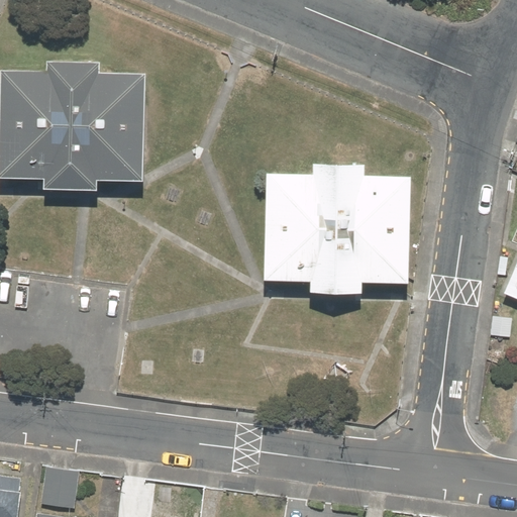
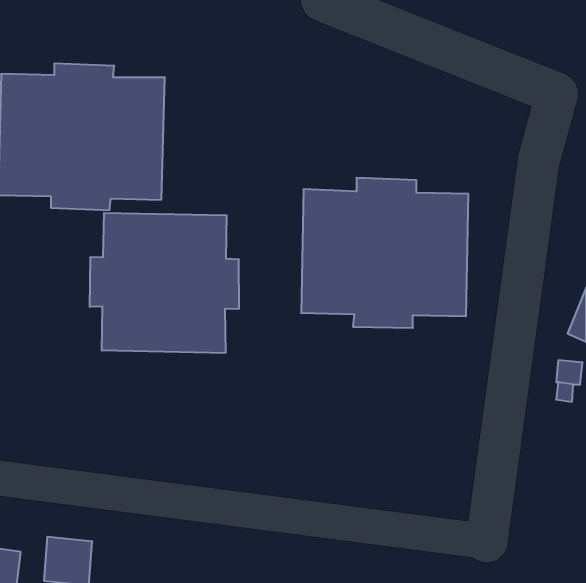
building: none -> [90,213,239,353]

